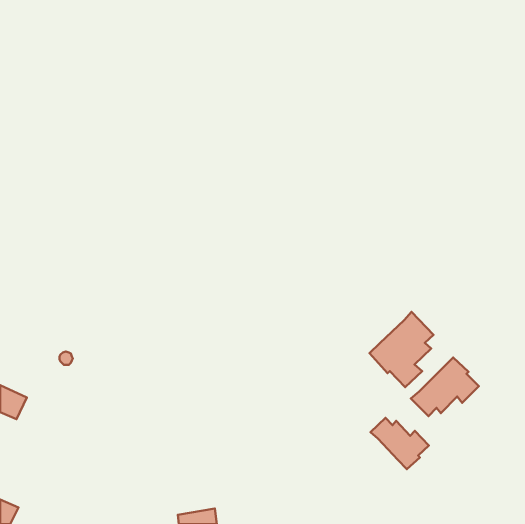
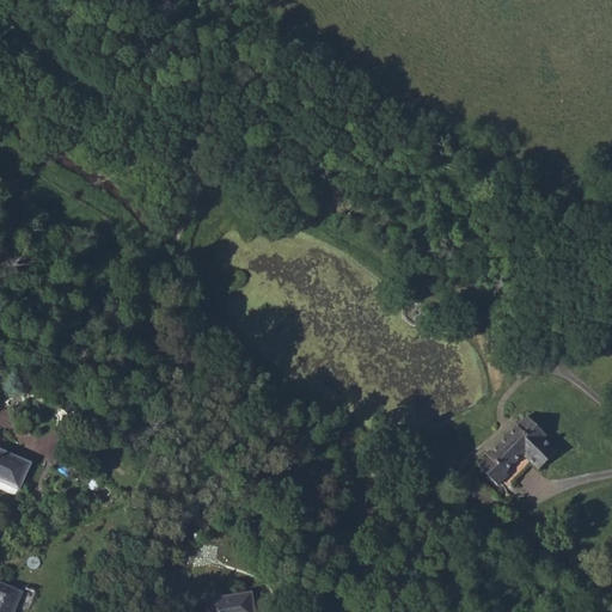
building: [369,312,433,387] -> none
building: [371,418,429,469] -> none

